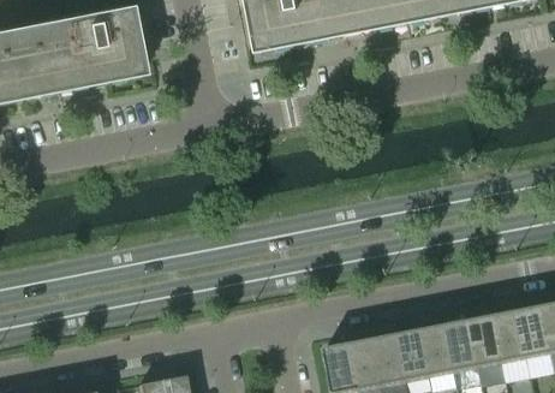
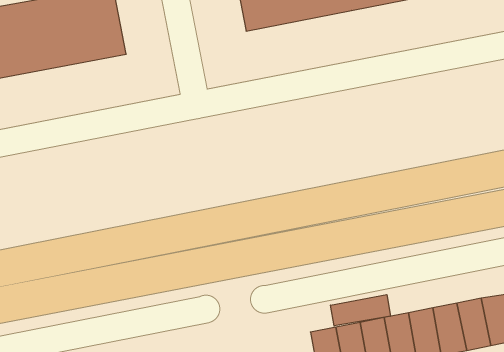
building: none -> [331,295,391,326]

